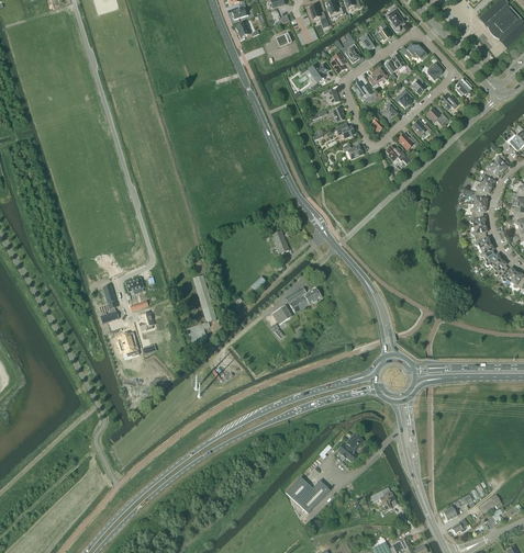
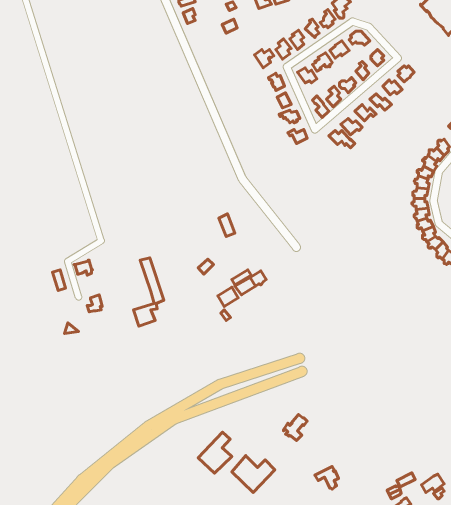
building: none -> [198,432,232,473]

